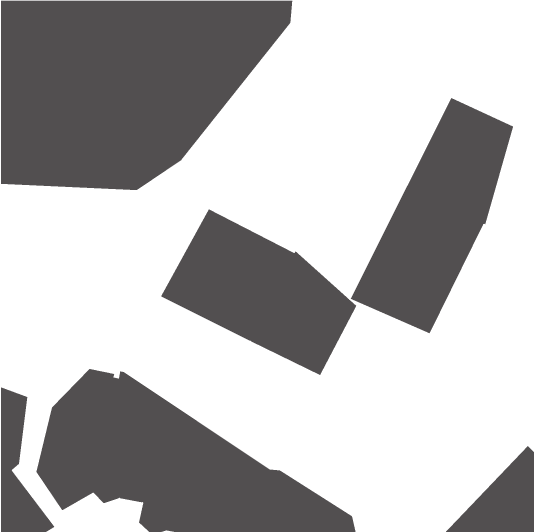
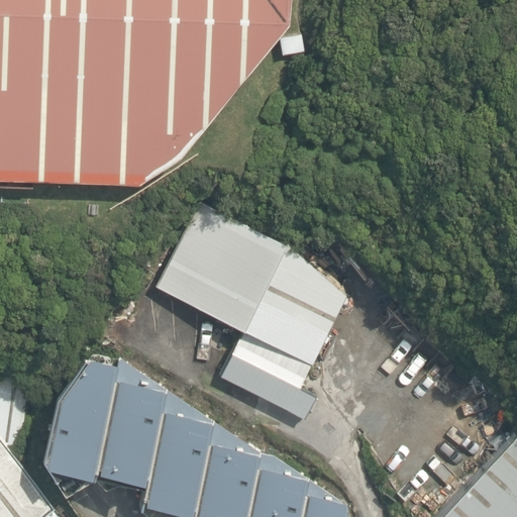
building: [350,97,514,334] -> none
building: none -> [219,332,314,420]

